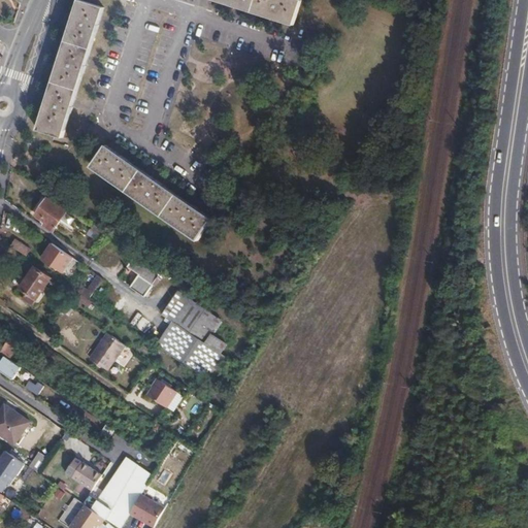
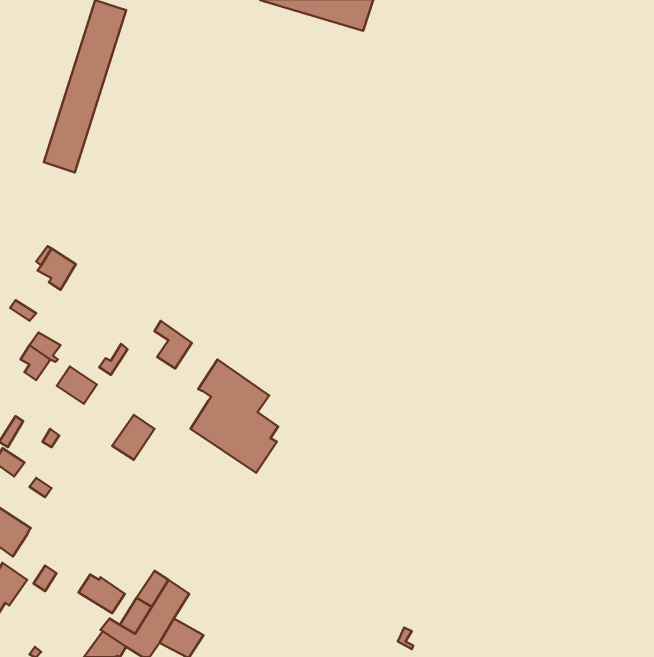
building: [90,146,209,240] -> none
building: [39,243,71,273] -> [57,366,97,404]
building: [147,377,177,406] -> none

